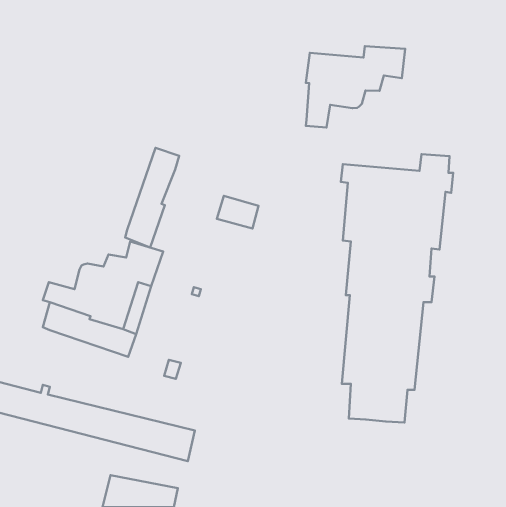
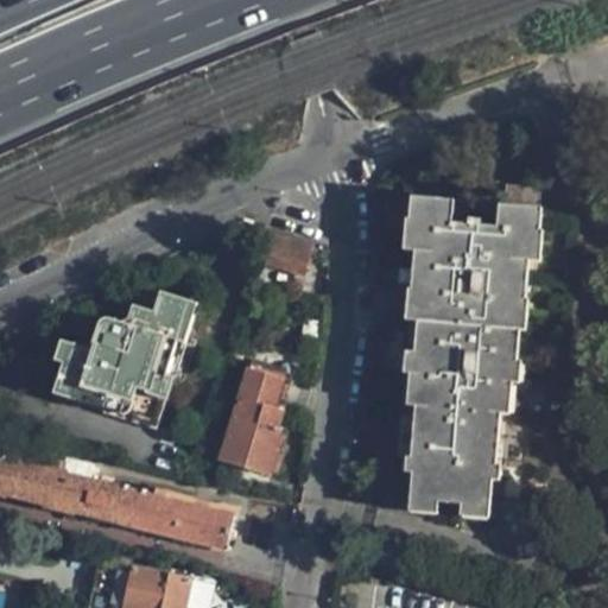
building: [306,46,405,128] -> none
building: [125,148,179,248] -> none
building: none -> [217,367,281,475]

